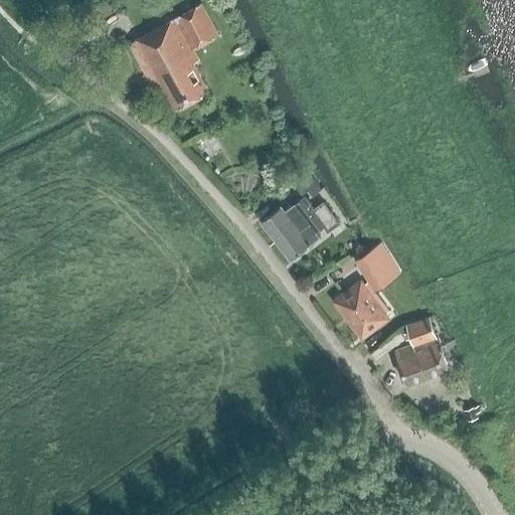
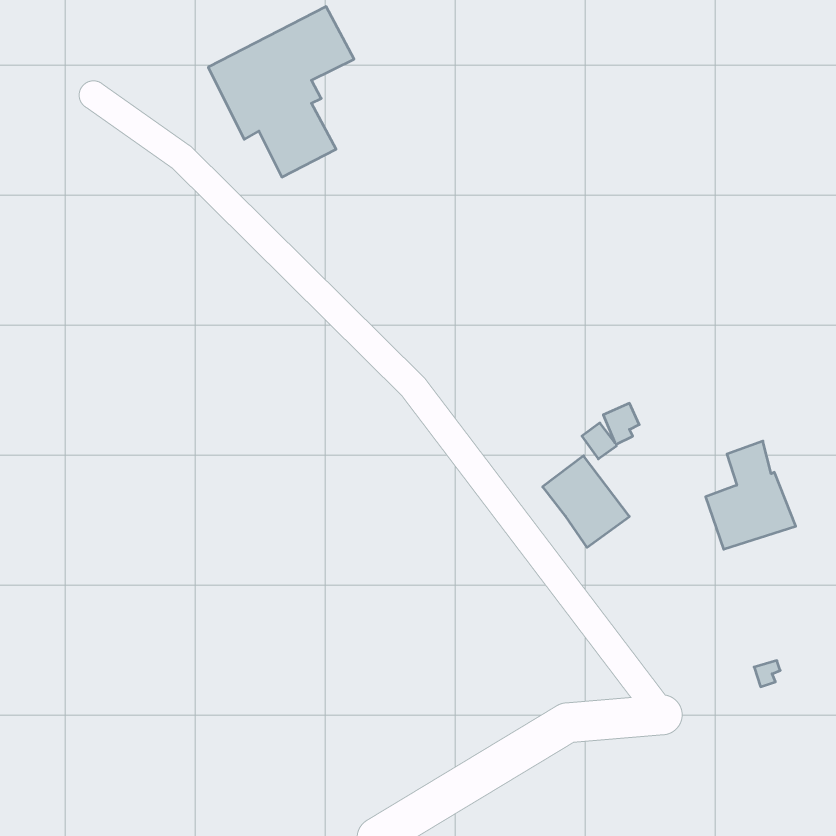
building: [262,197,338,260] -> none
building: [393,319,449,385] -> [706,441,796,549]

